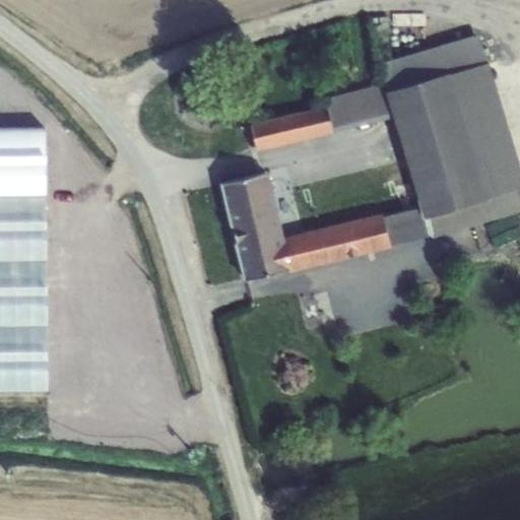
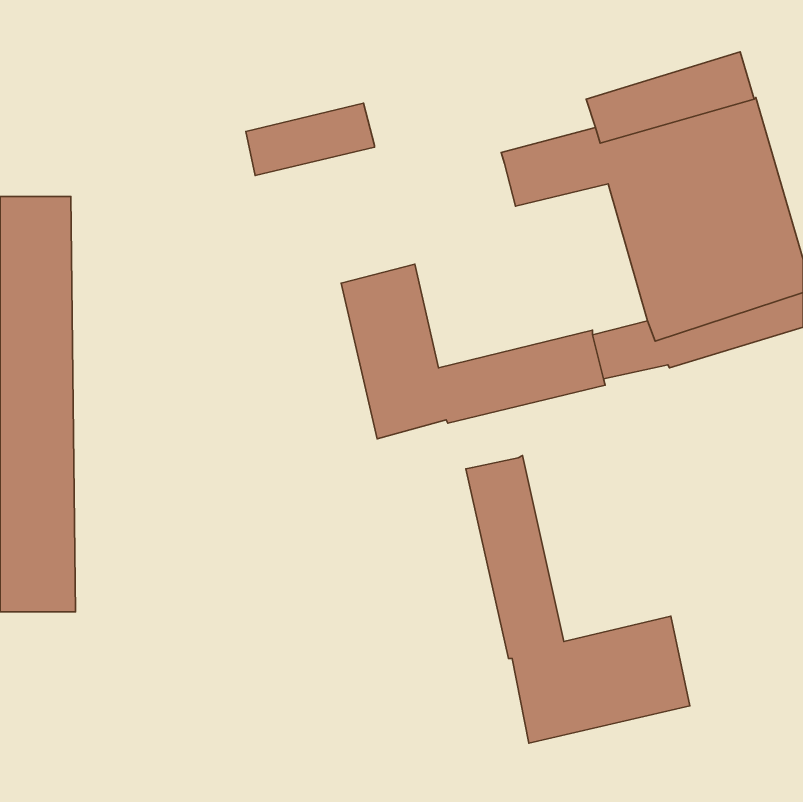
building: [250,106,333,152] -> [246,103,375,175]
building: none -> [466,455,690,743]

